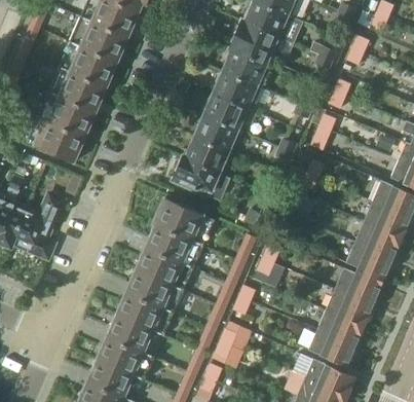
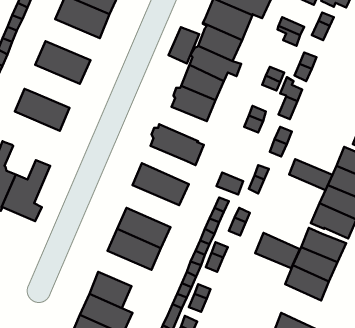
building: [60,42,118,86] -> none
building: none -> [168,27,199,64]
building: [37,92,97,138] -> none
building: [186,137,233,174] -> none
building: none -> [289,159,333,190]
building: [147,221,203,266] -> none
building: [116,292,174,335] -> none
building: [308,328,356,366] -> [255,233,300,268]

